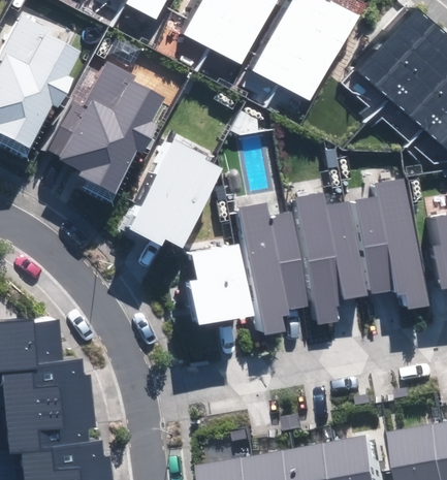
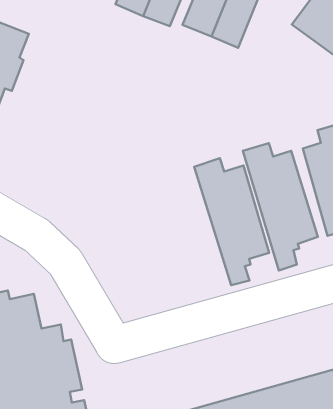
building: [47,62,165,193] -> none
building: [129,141,222,248] -> none
building: [191,244,253,325] -> none

